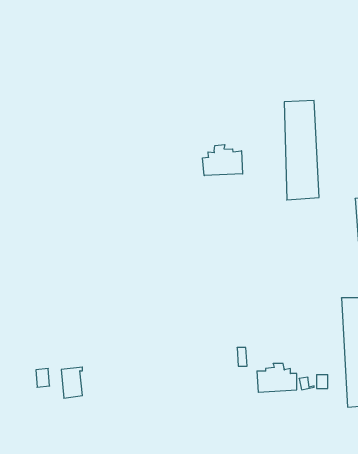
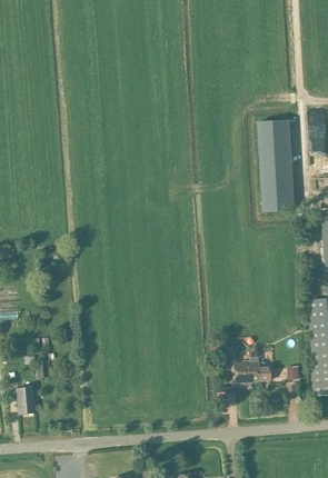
building: [203,145,243,176] -> none
building: [61,367,82,398] -> [17,387,36,415]

